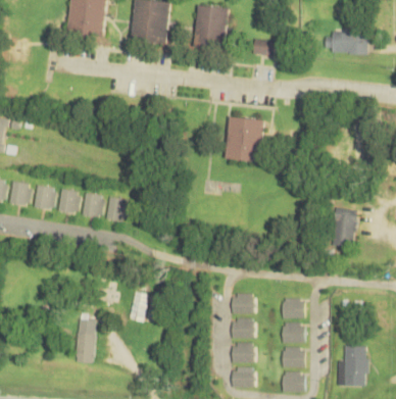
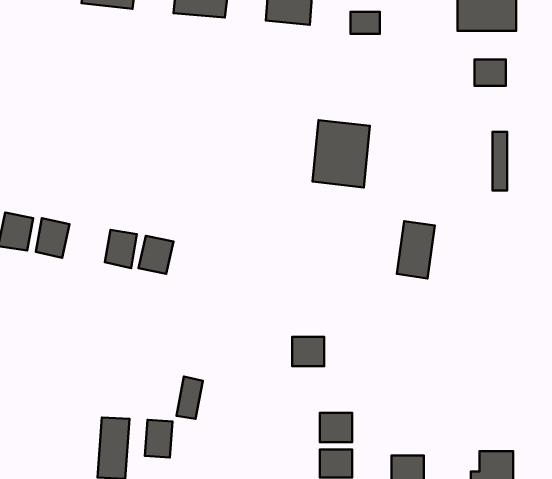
building: none -> [474,59,506,86]
building: [57,188,80,212] -> none
building: [332,207,358,247] -> [397,221,435,278]
building: [231,294,253,314] -> [292,337,324,366]
building: [282,299,304,318] -> none
building: none -> [145,420,172,458]
building: [282,323,304,344] -> none

